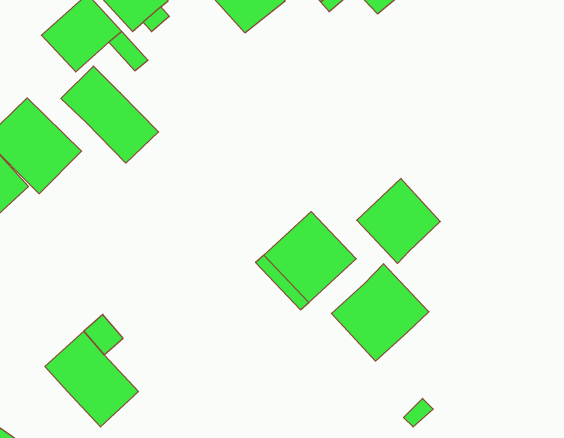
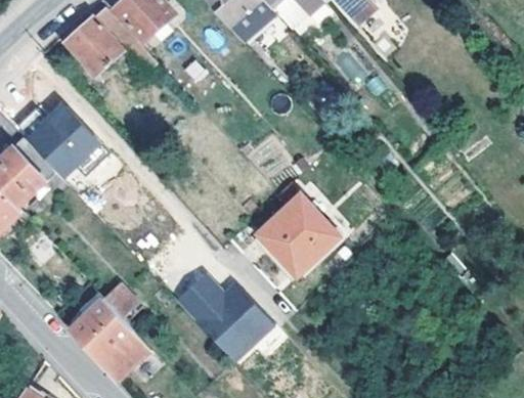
building: [61,66,159,163] -> none
building: [357,178,440,263] -> none
building: [331,264,429,361] -> none
building: none -> [173,271,274,363]

